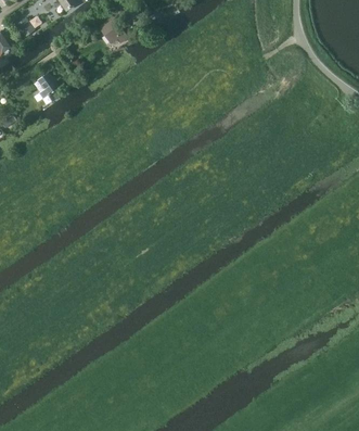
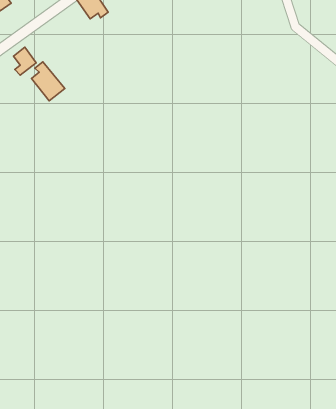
building: none -> [31,62,65,101]

